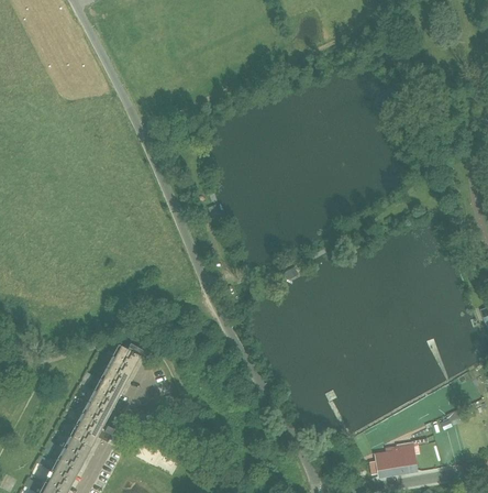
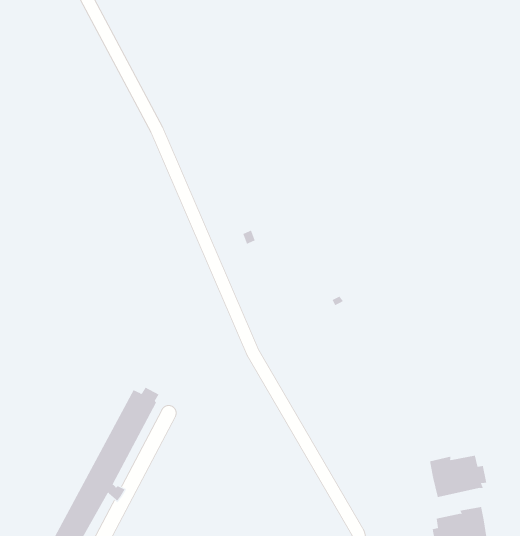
building: none -> [429,455,487,498]

